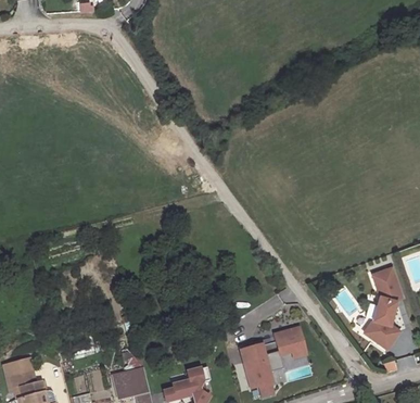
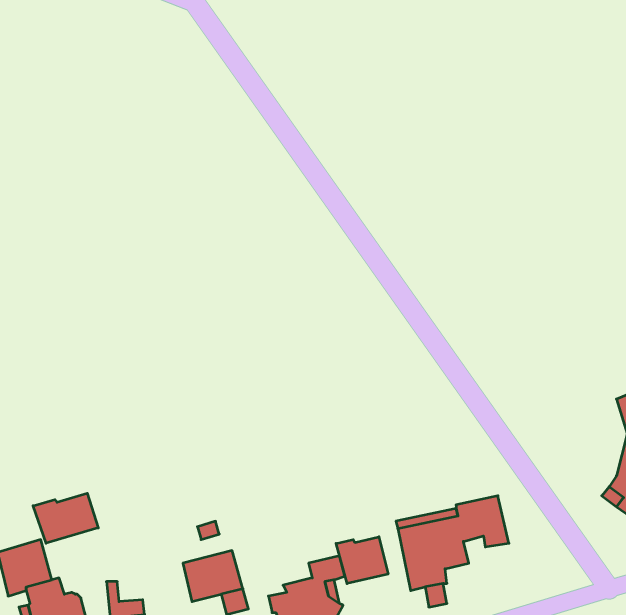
building: none -> [33,493,98,543]
building: none -> [336,537,388,584]

